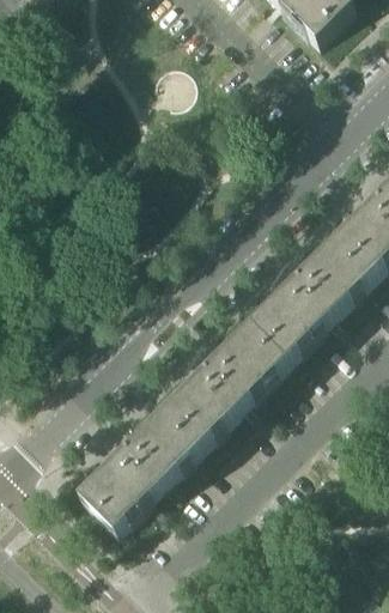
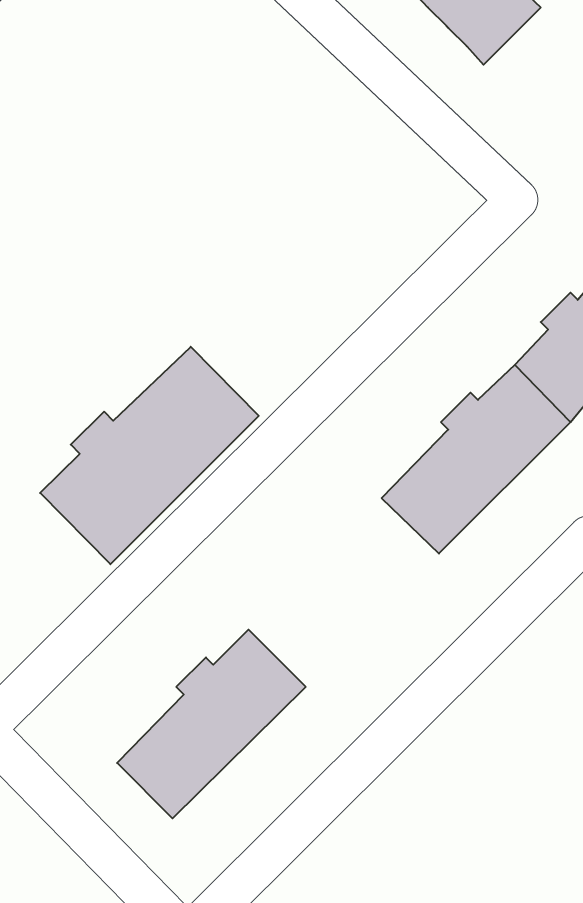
building: none -> [40,347,259,564]
building: [168,322,291,444] -> none

